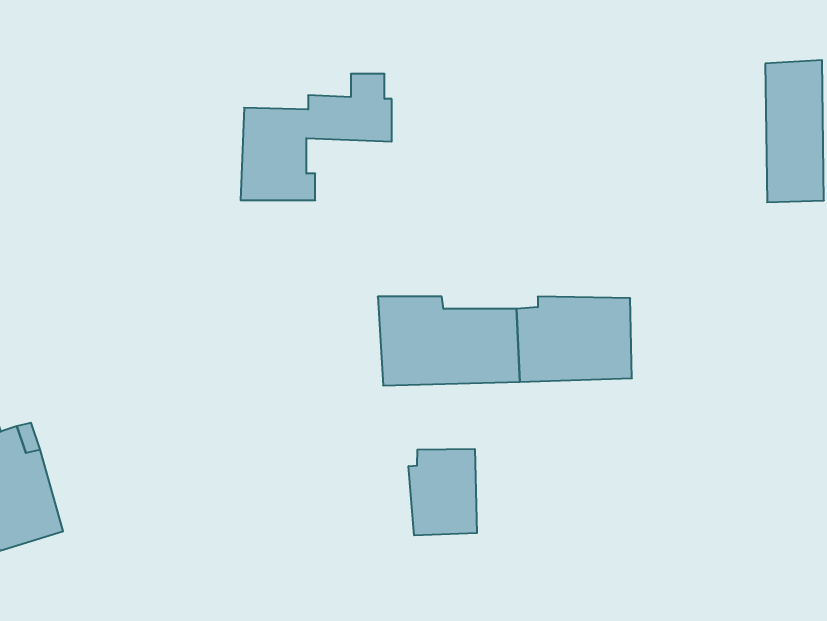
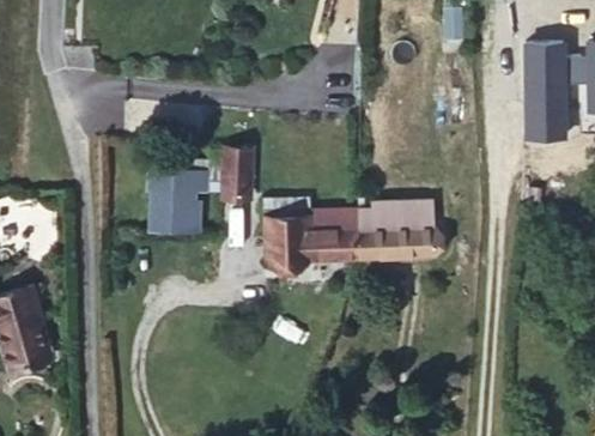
building: [241,74,392,200] -> [150,149,251,234]
building: [409,449,477,535] -> none

